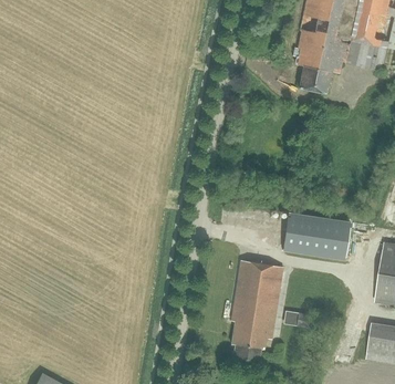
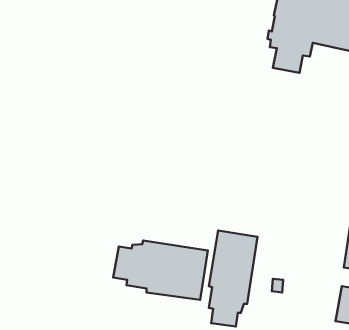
building: [282,212,350,259] -> none
building: none -> [113,241,208,300]

